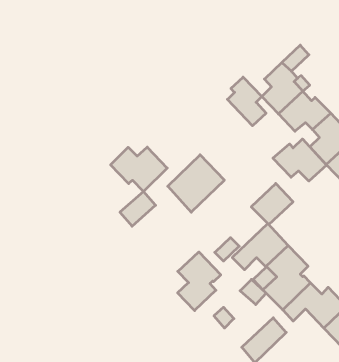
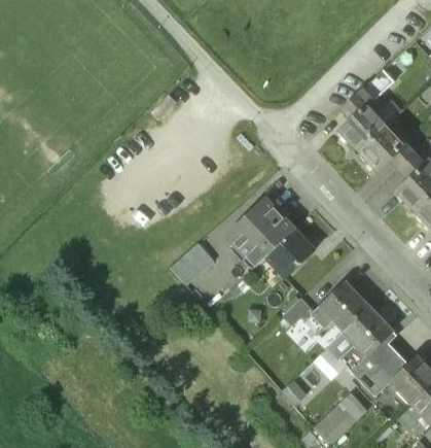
building: [227,77,266,126] -> none
building: [273,139,327,181] -> none
building: [111,147,167,191] -> none
building: [251,183,293,224] -> [265,230,315,278]
building: [178,252,221,311] -> none

